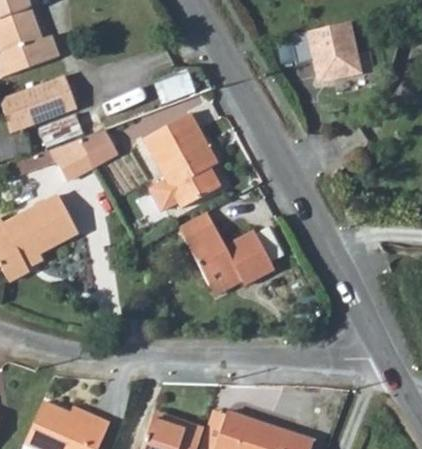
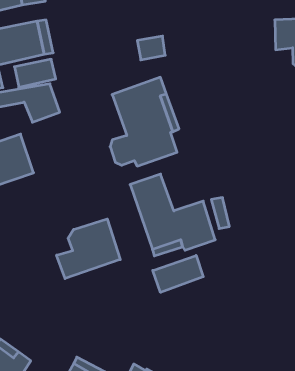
building: [79,129,118,166] -> none
building: none -> [57,219,120,279]
building: none -> [153,255,203,292]

